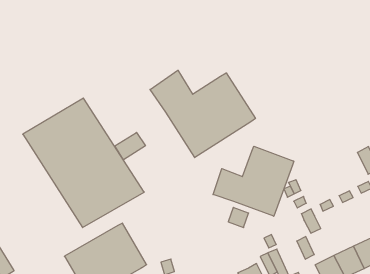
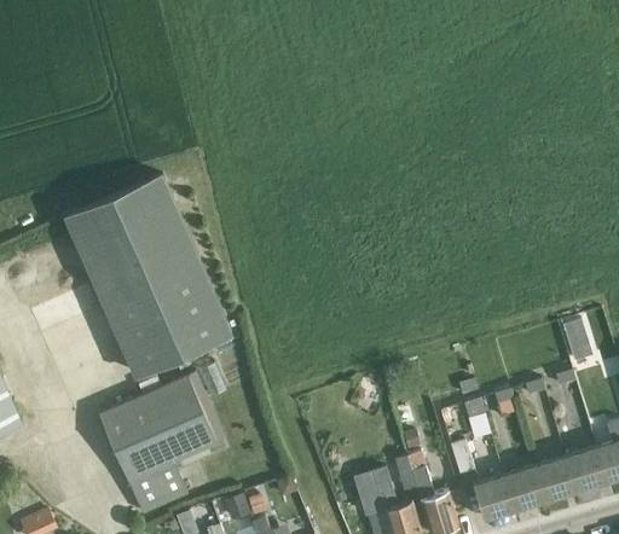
building: [150,70,255,158] -> none
building: [115,132,145,160] -> none
building: [213,146,294,216] -> none

